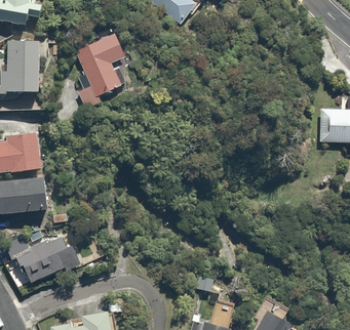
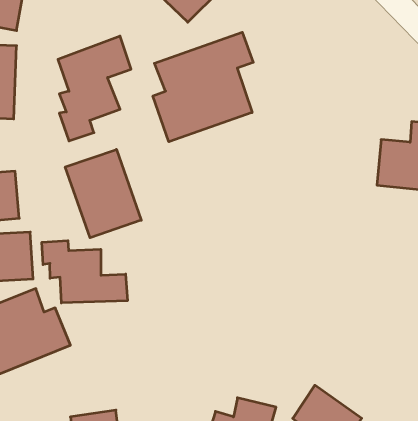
building: none -> [153,32,253,142]
building: none -> [65,149,141,238]
building: none -> [42,241,127,303]

